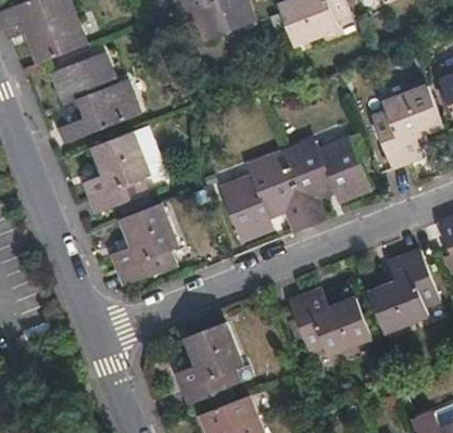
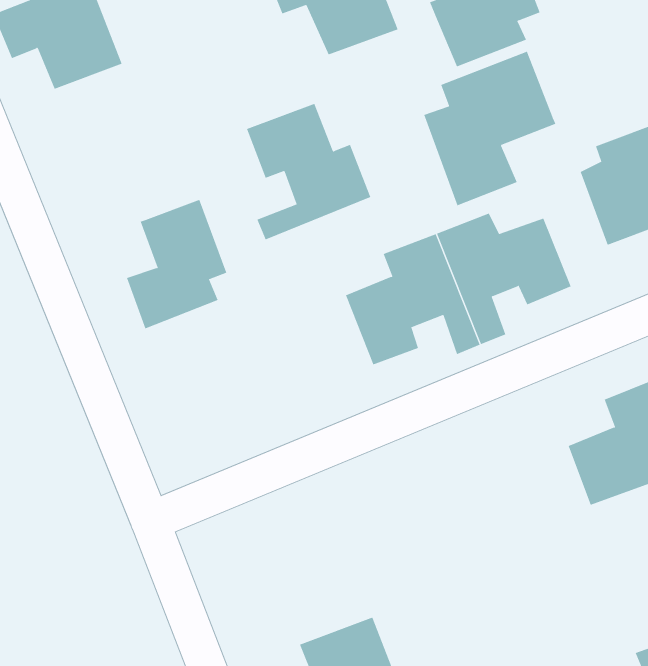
building: none -> [423,51,556,206]
building: [59,55,138,142] -> [246,103,371,240]
building: [114,202,179,282] -> none
building: [285,285,366,348] -> none
building: [175,318,239,398] -> none

